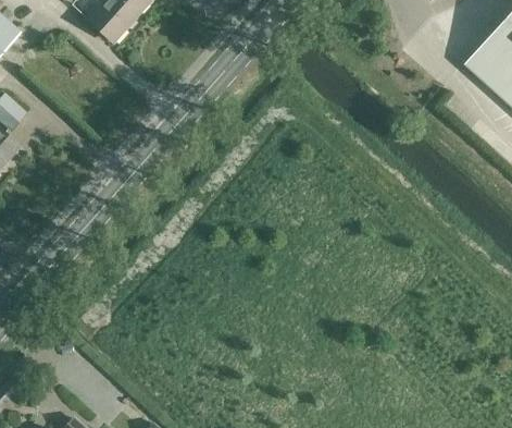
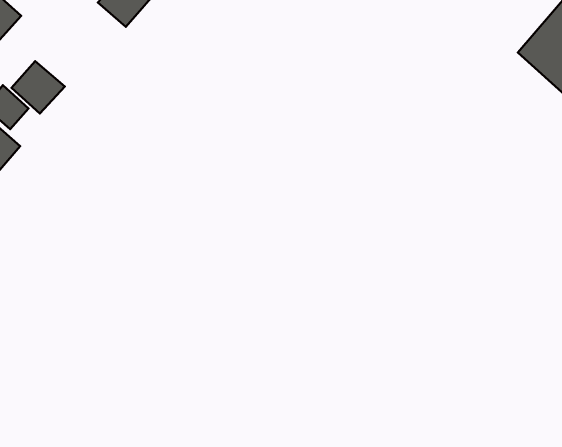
building: none -> [12,61,65,114]

